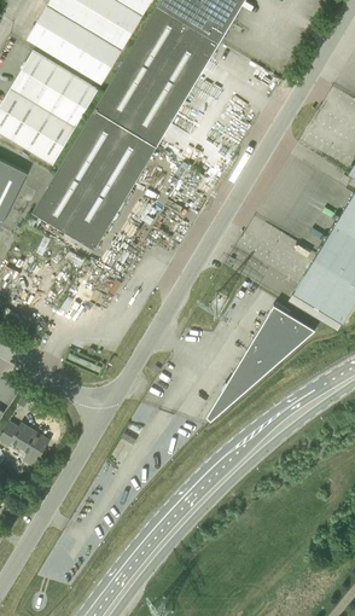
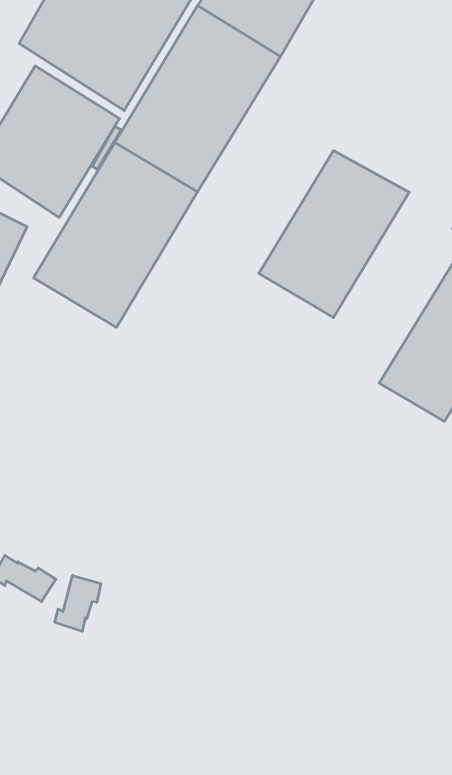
building: none -> [259,151,409,318]
building: [210,304,312,414] -> none
building: none -> [55,575,101,631]

